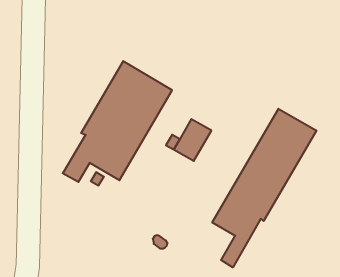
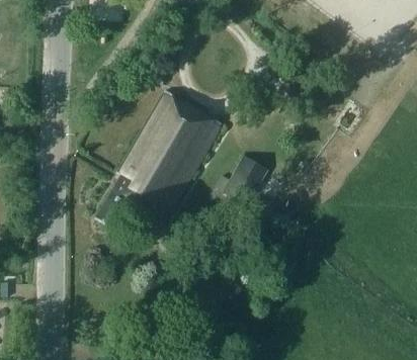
building: [212,109,316,267] -> none

